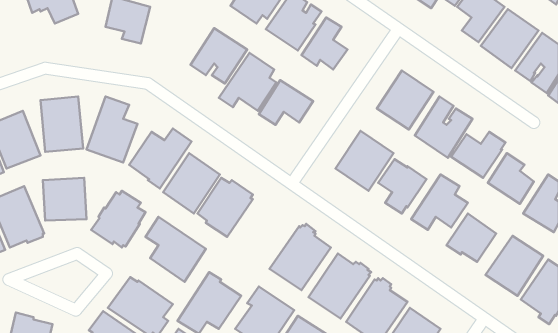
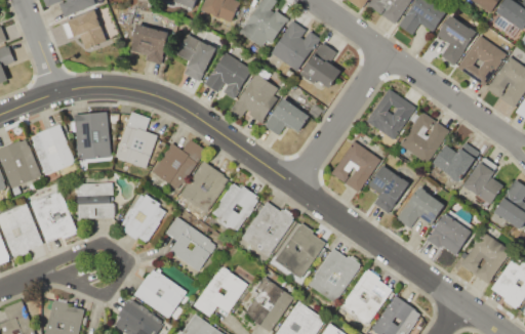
building: none -> [176,35,216,82]
building: none -> [240,201,293,258]

